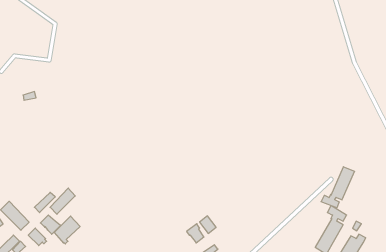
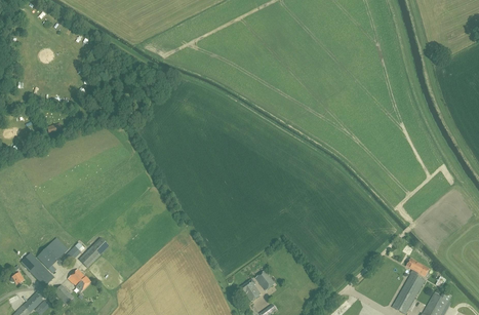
building: [321,167,355,208] -> none
building: [54,216,80,244] -> [37,237,68,270]

